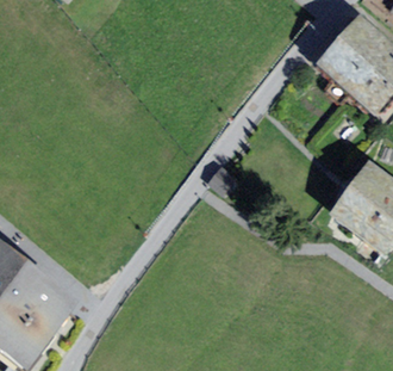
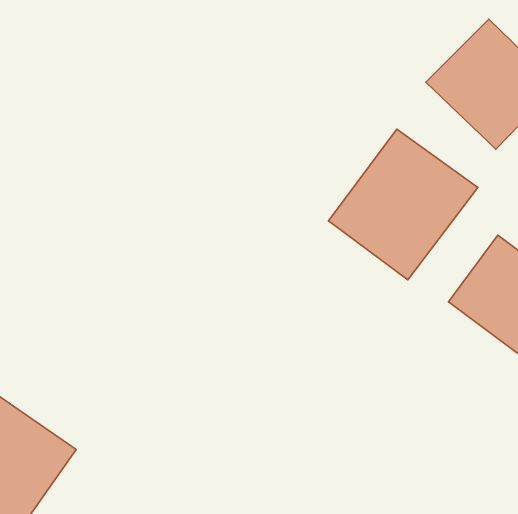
building: none -> [329,129,478,280]

